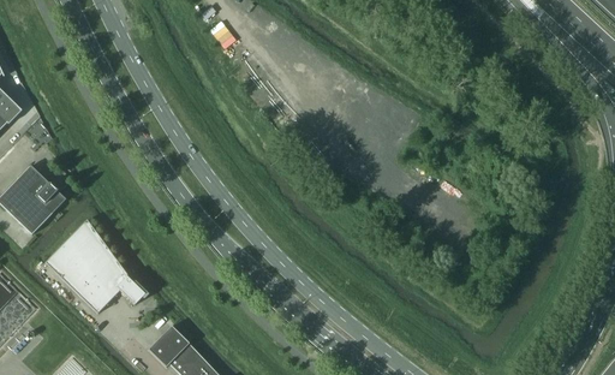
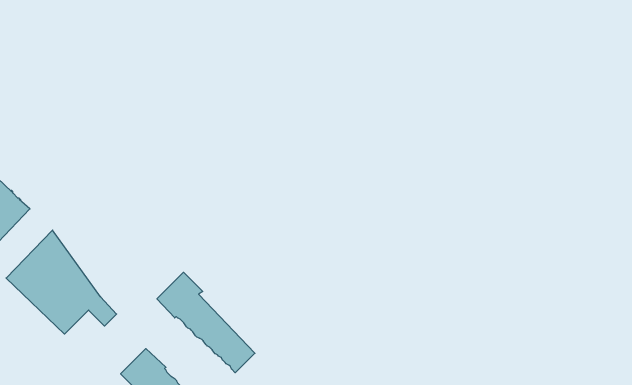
building: none -> [157,272,255,373]

